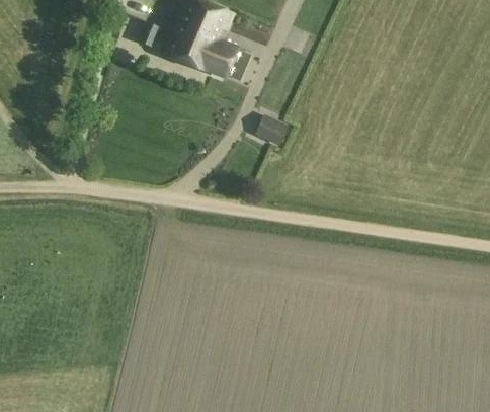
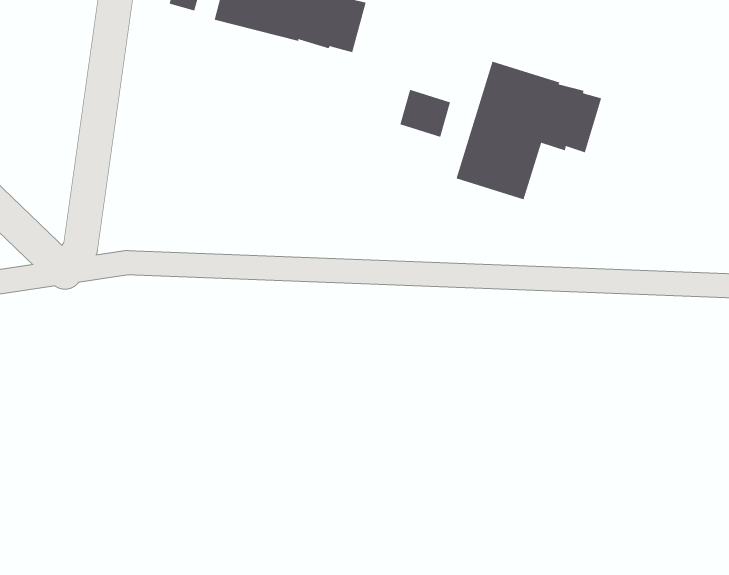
building: none -> [456,61,602,200]

